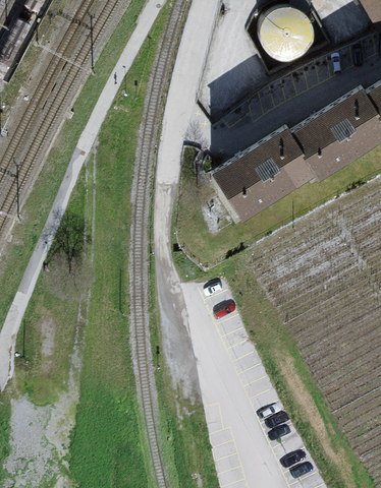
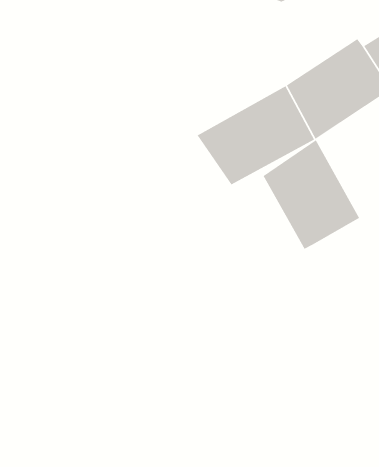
building: none -> [262,139,360,250]

